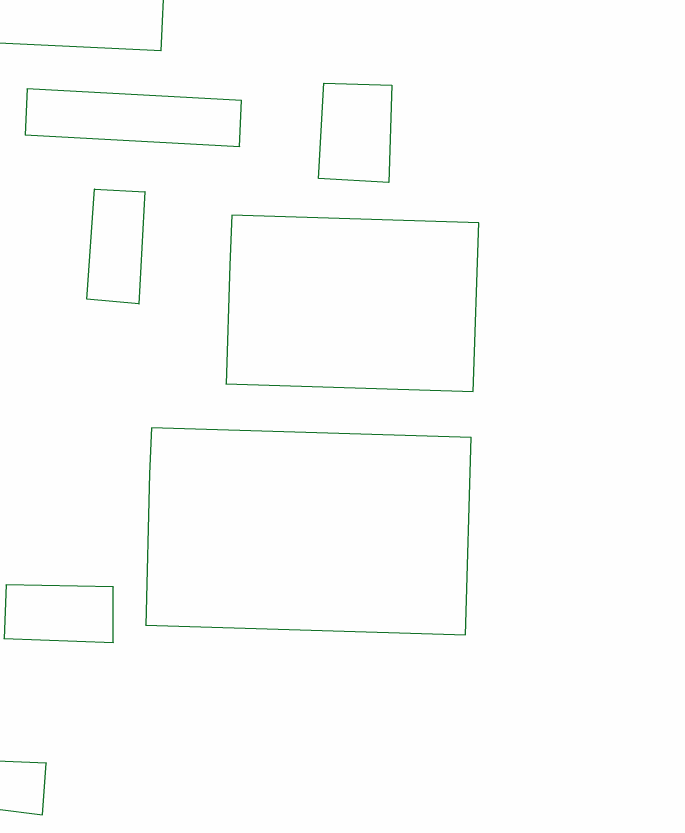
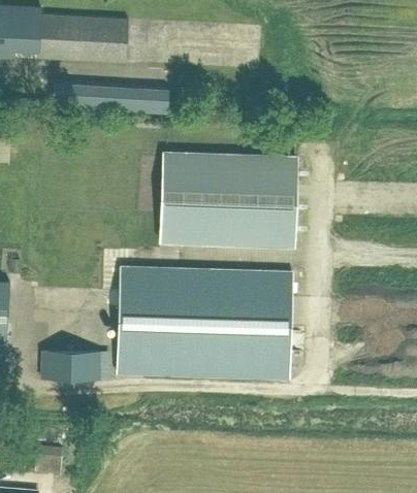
building: [319,83,392,182] -> none
building: [87,189,145,304] -> none

